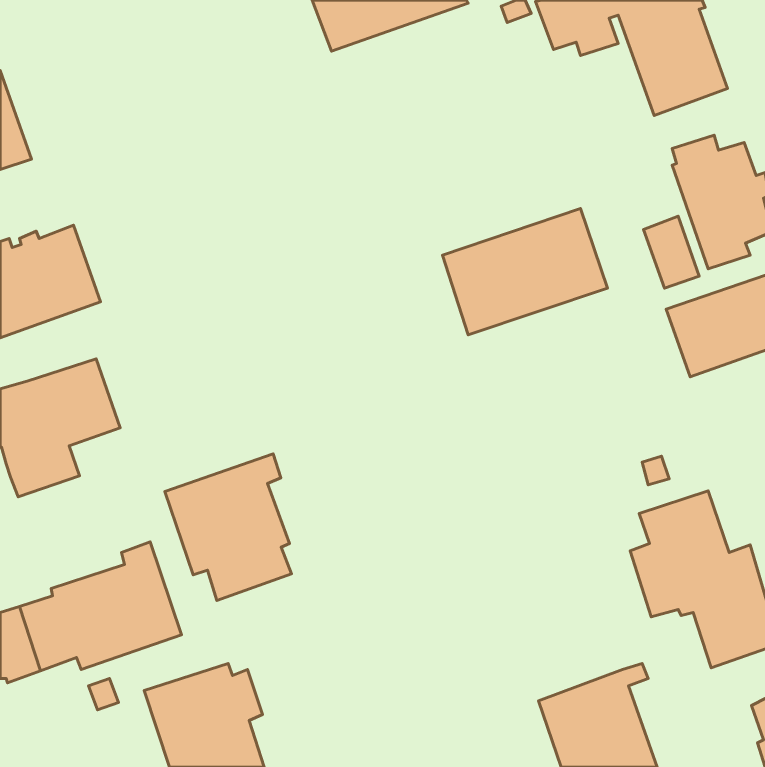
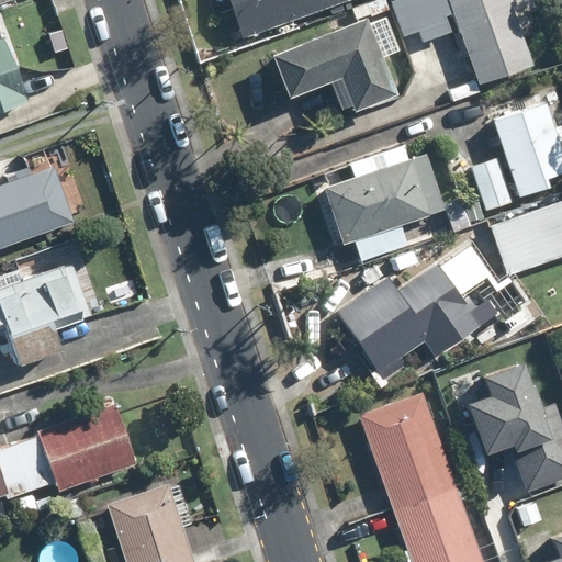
building: none -> [270,15,391,108]
building: none -> [338,263,496,379]
building: [165,454,291,601] -> none
building: none -> [360,395,457,513]

